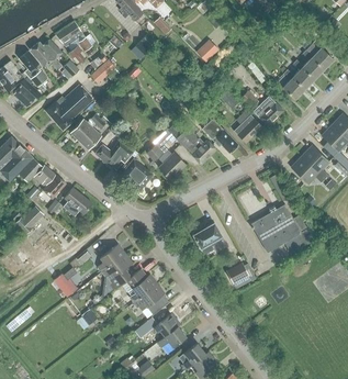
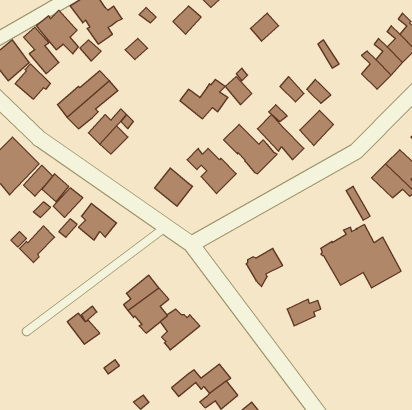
building: [254,97,283,126] -> none
building: [96,137,133,168] -> [180,79,228,119]
building: [134,283,166,314] -> none

